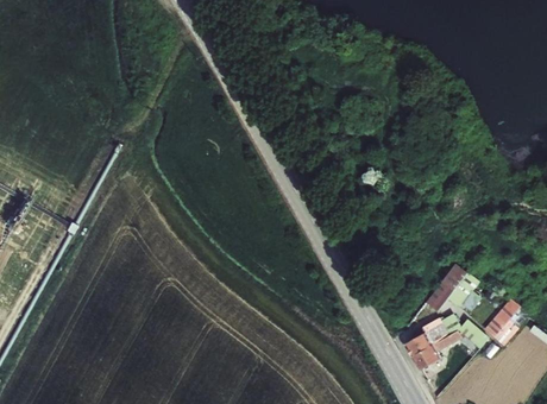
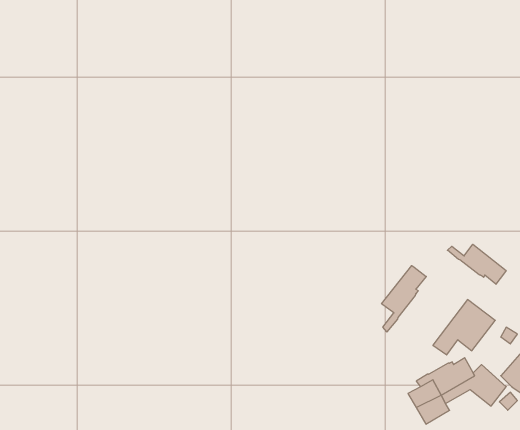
building: none -> [447,244,506,284]
building: none -> [382,266,426,332]

